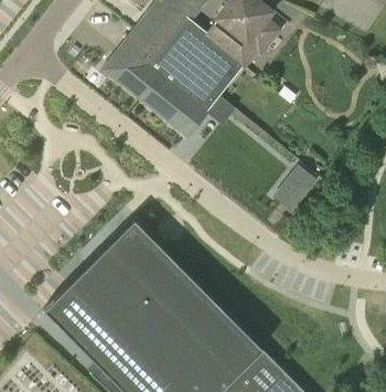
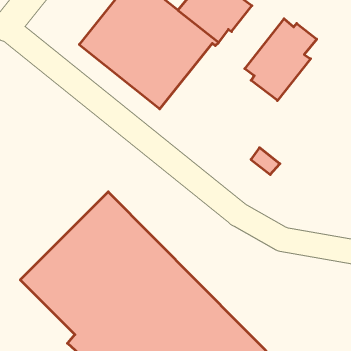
building: none -> [245,19,317,101]

